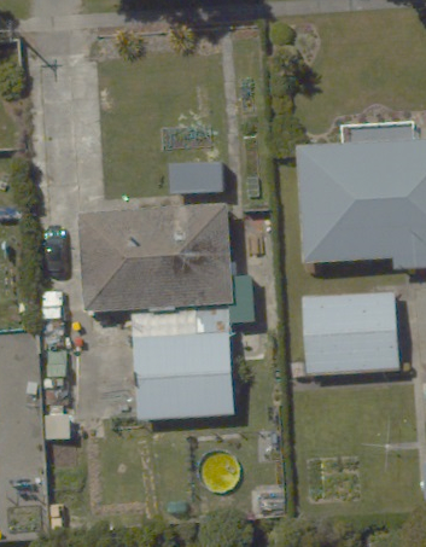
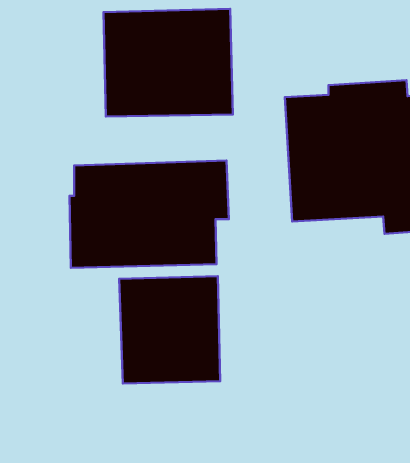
building: none -> [103,9,233,116]
building: [299,292,398,376] -> none

